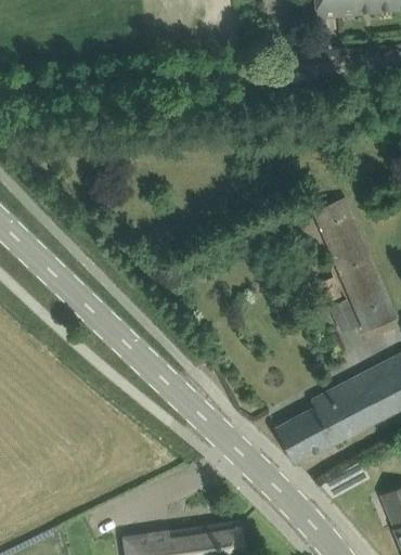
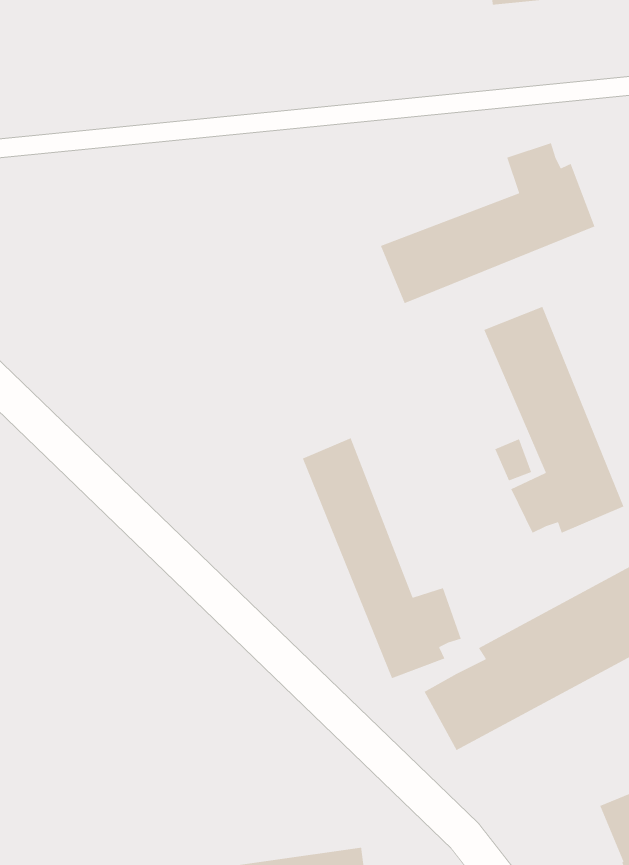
building: none -> [380,142,596,304]
building: none -> [302,437,462,679]

